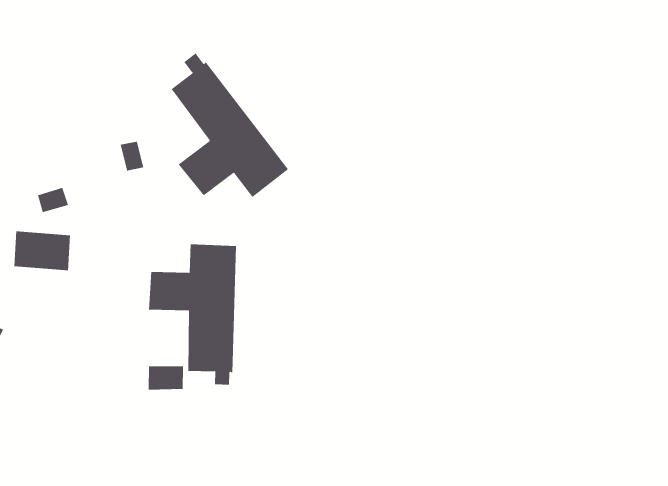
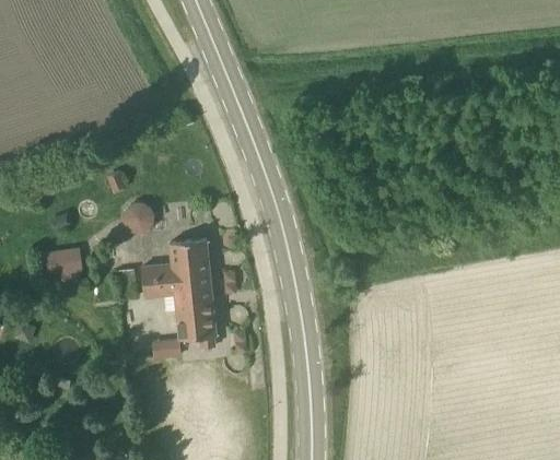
building: [171,52,289,198] -> none
building: none -> [122,203,155,236]

